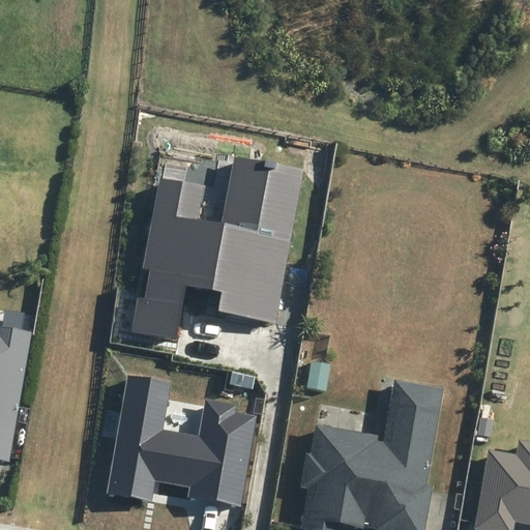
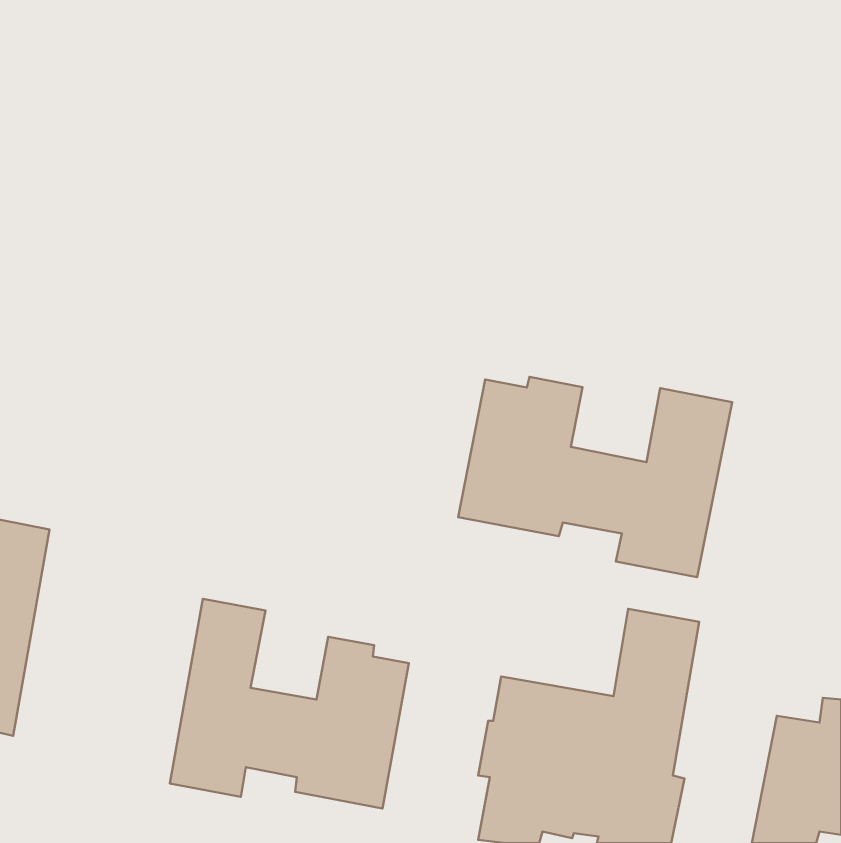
building: [130,155,305,338] -> none
building: none -> [458,377,732,577]

